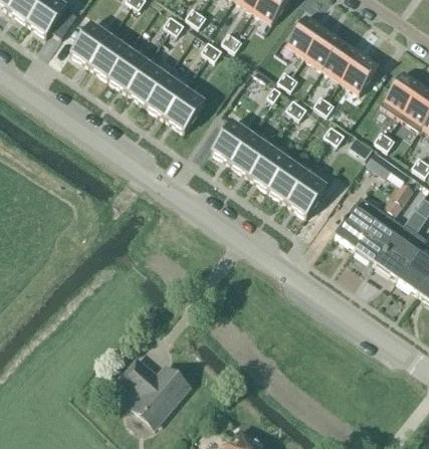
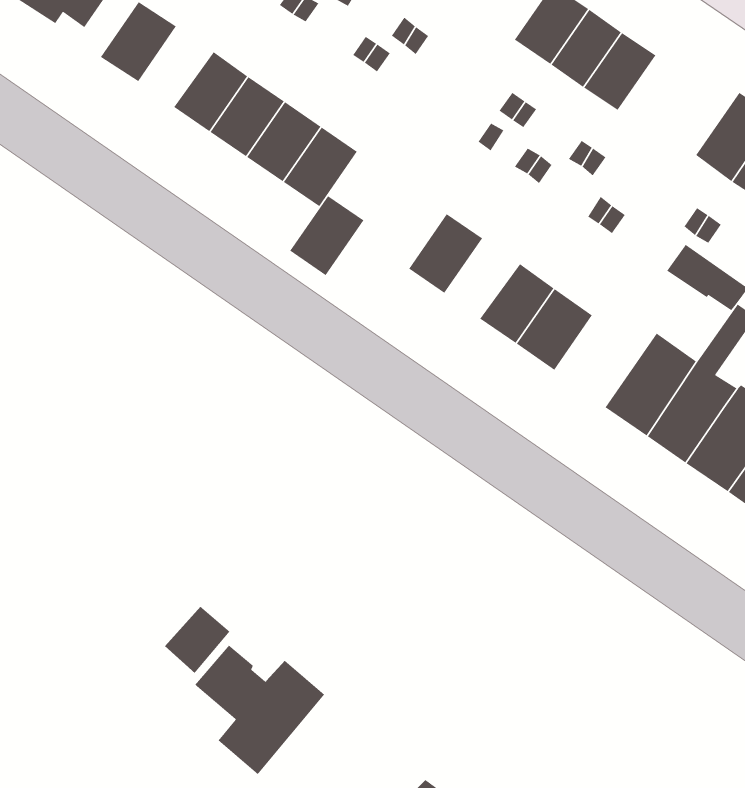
building: [89,36,129,78] -> none
building: [340,51,379,93] -> none
building: [211,121,250,163] -> [289,195,364,276]
building: [249,147,288,189] -> none
building: none -> [164,606,231,674]

